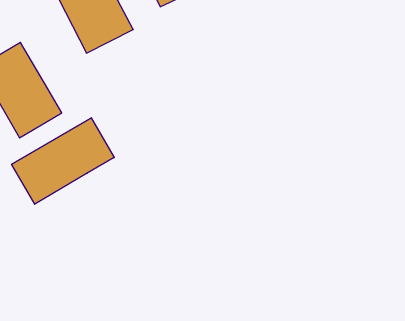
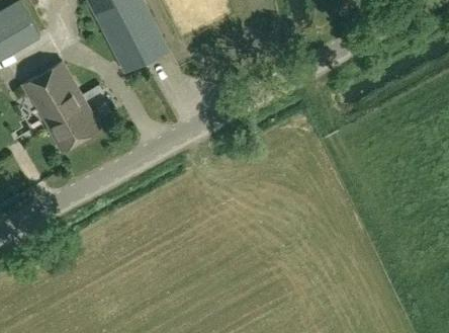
building: [12,118,114,204] -> none

